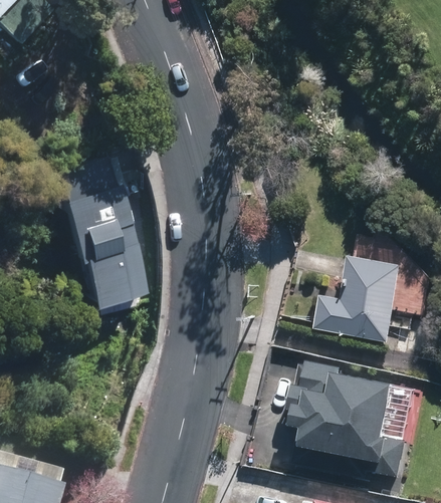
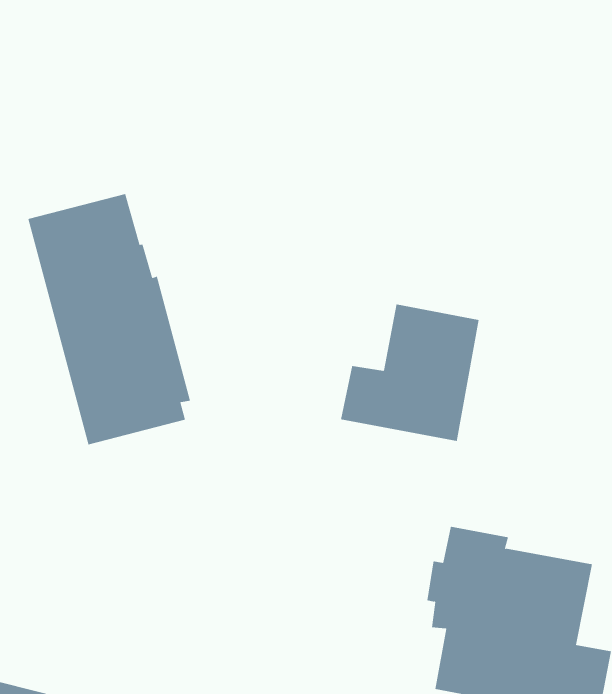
building: [318,257,407,344] -> [340,304,480,442]

